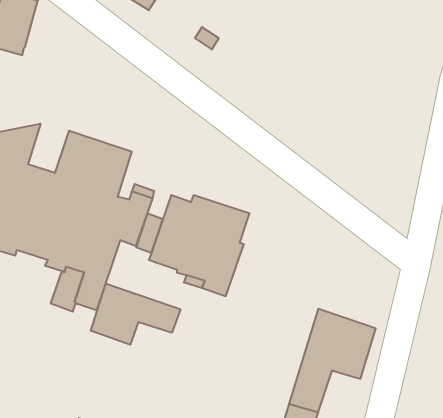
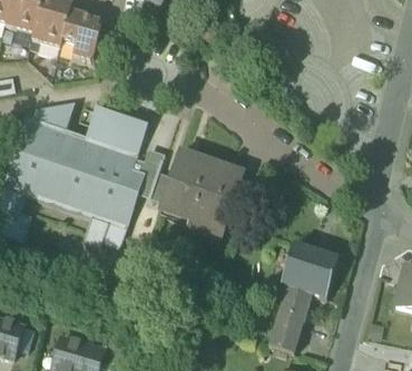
building: none -> [62,9,101,59]
building: [91,283,180,345] -> none

